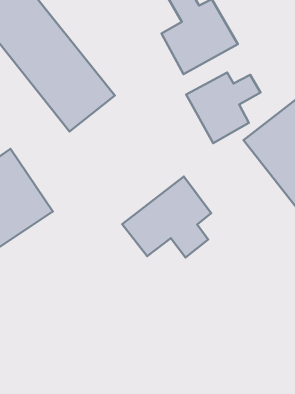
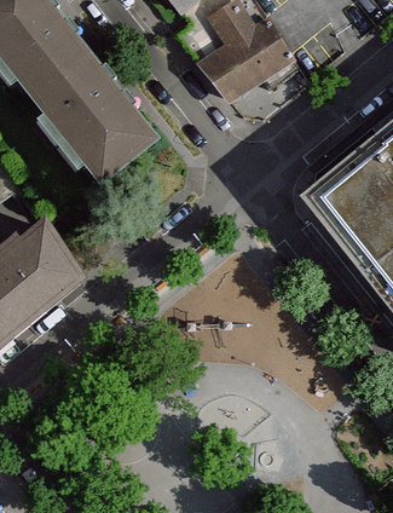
building: [186,73,261,143] -> none
building: [122,176,211,258] -> none

